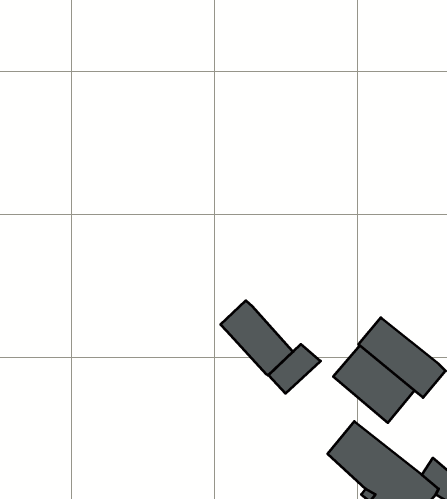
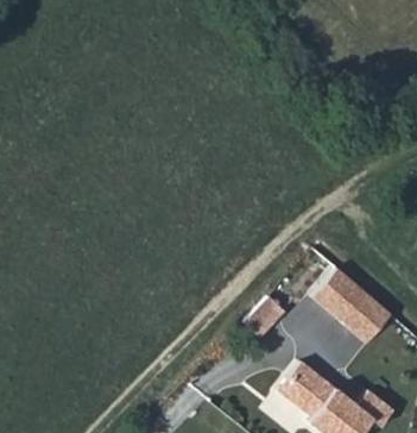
building: [221,301,293,375] -> none

